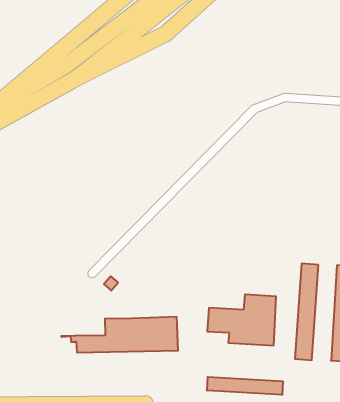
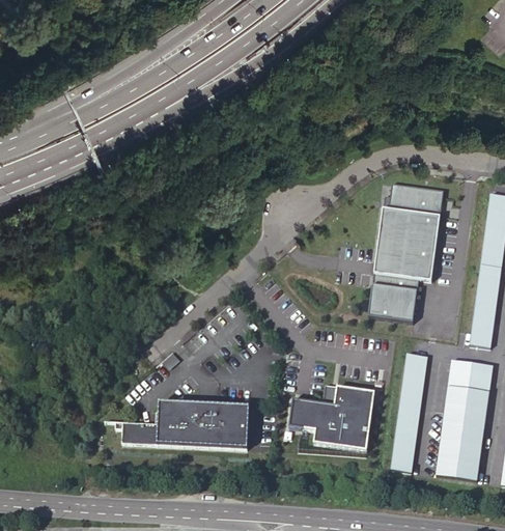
building: none -> [368,181,442,317]
building: [207,377,283,395] -> none

